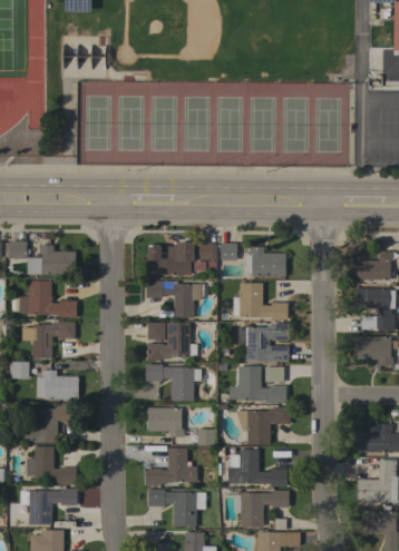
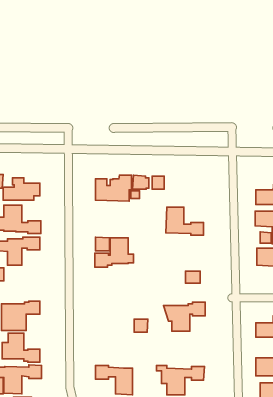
building: [246,246,285,276] -> none
building: [145,281,201,318] -> none
building: [245,323,289,362] -> none
building: [145,364,201,401] -> none
building: [228,365,286,403] -> none
building: [36,370,78,400] -> none
building: [147,407,183,436] -> none
building: [144,447,197,485] -> none
building: [227,450,286,486] -> none

